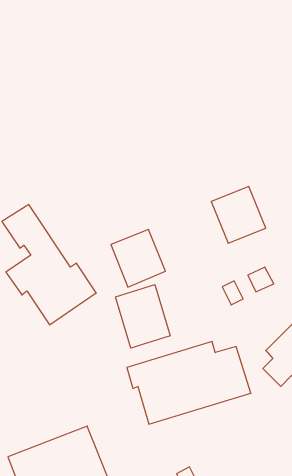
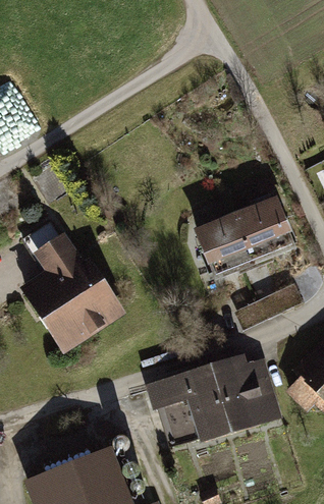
building: [111,229,165,287] -> [199,217,255,276]
building: [115,285,170,348] -> none

